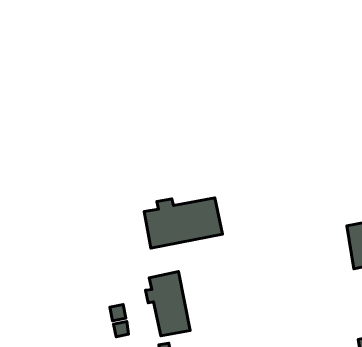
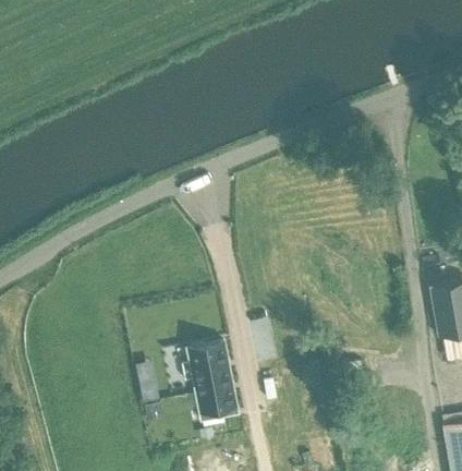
building: [144,198,222,248] -> none

